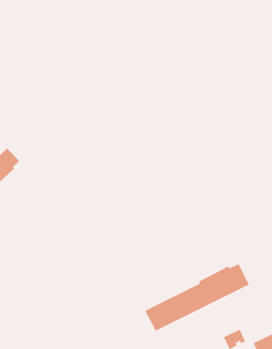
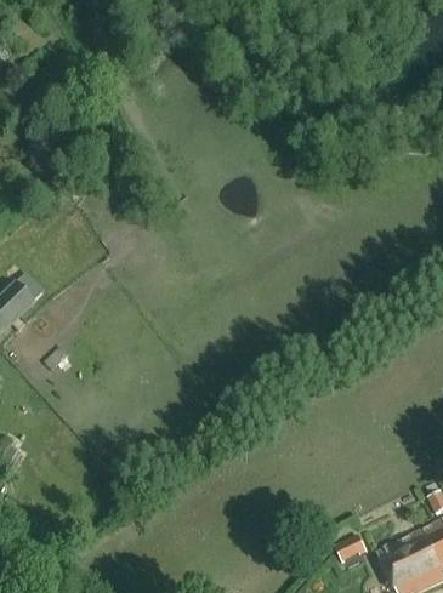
building: [145,263,249,332] -> none

